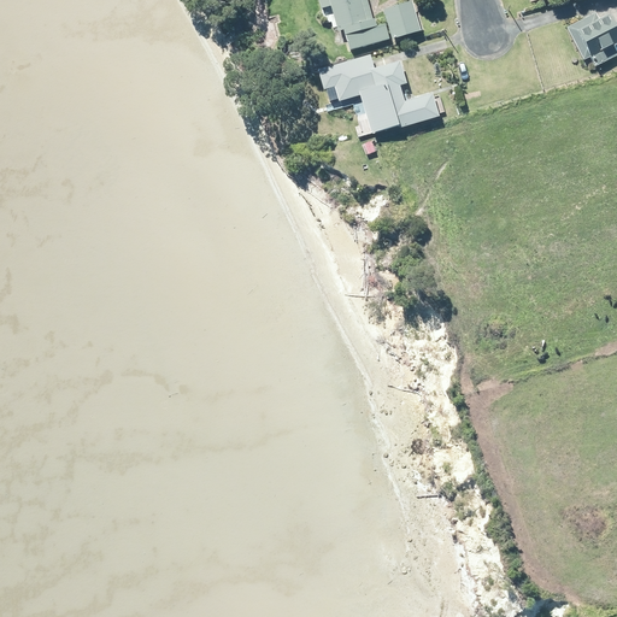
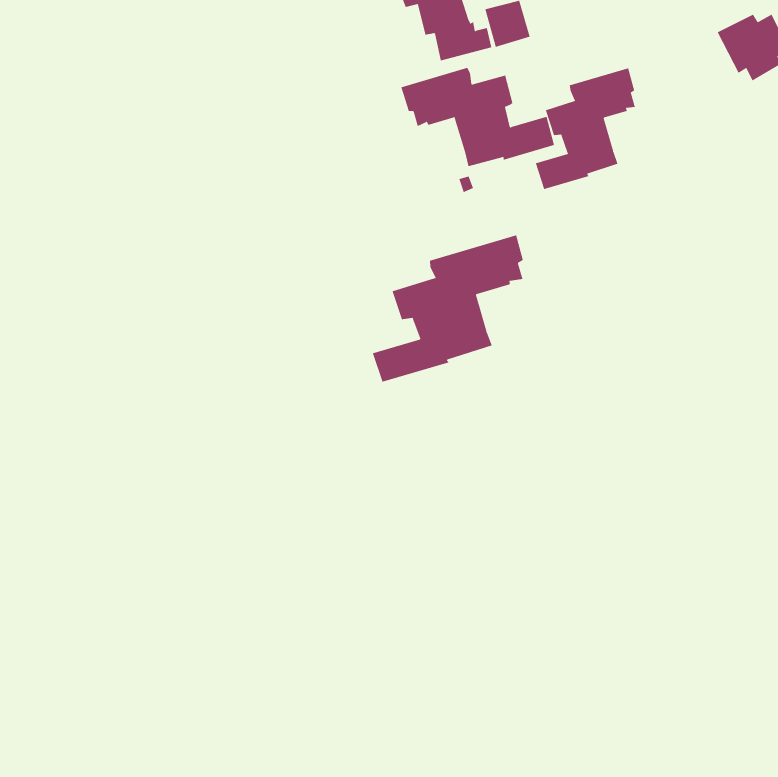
building: none -> [535,67,636,190]
building: none -> [372,235,524,383]

